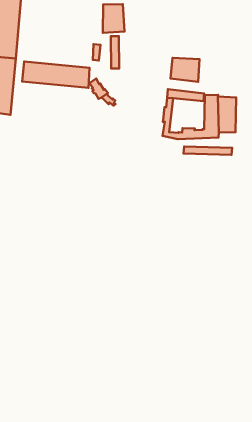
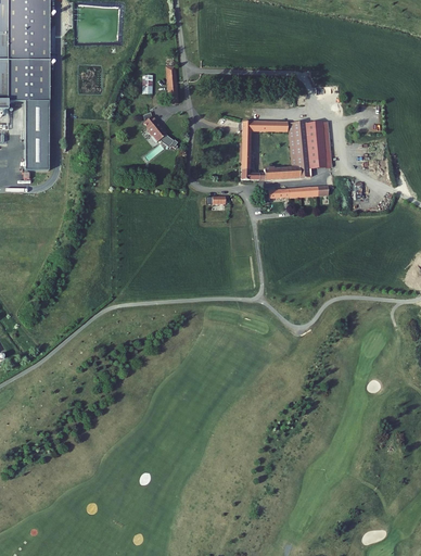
building: [103,4,124,33] -> none
building: [171,58,199,82] -> none
building: [22,62,90,88] -> none

